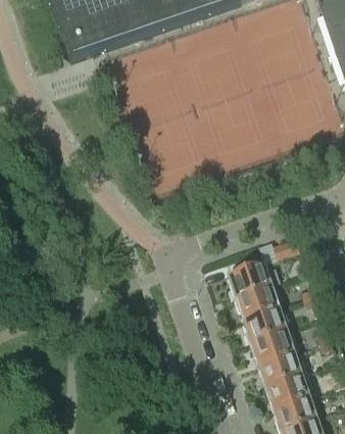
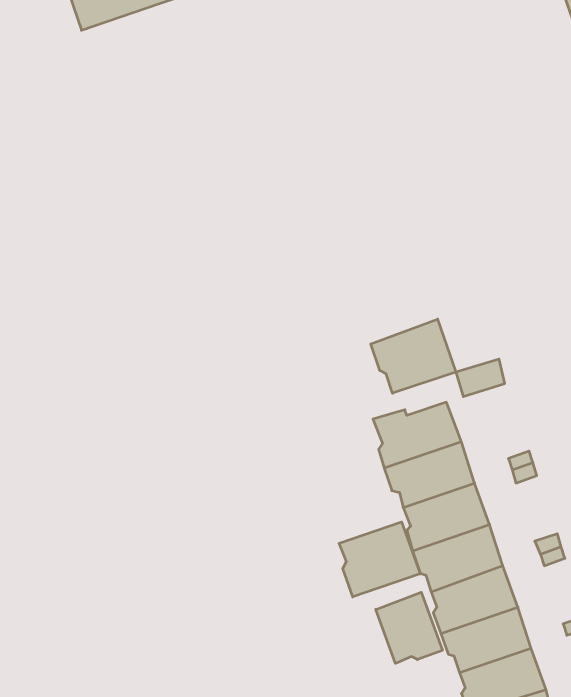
building: none -> [371,319,456,393]
building: none -> [339,522,420,597]
building: none -> [376,592,442,663]

